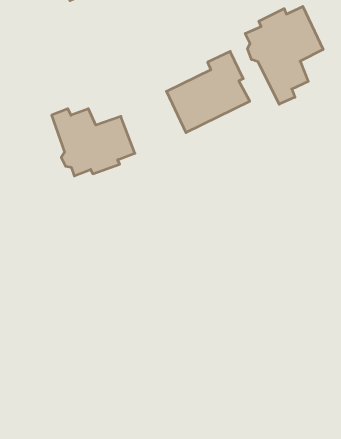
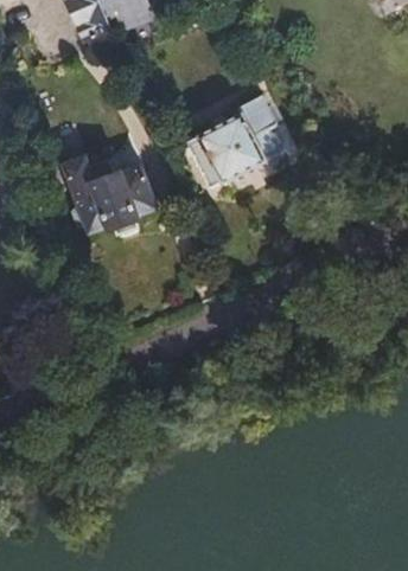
building: [245,6,323,104] -> none

